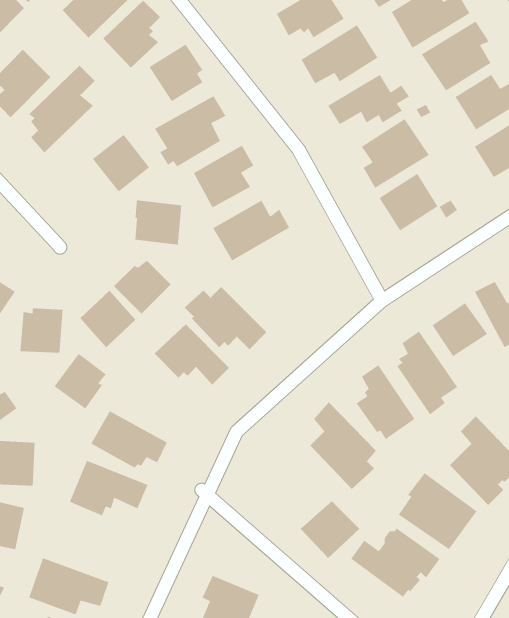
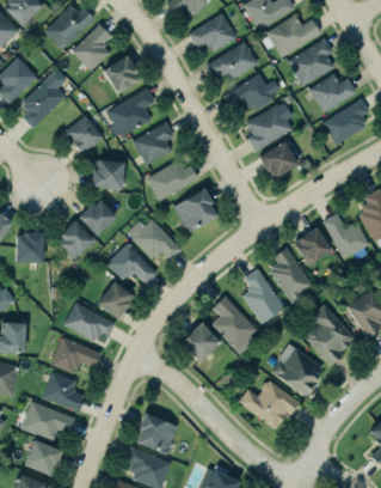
building: none -> [173,188,217,233]
building: [54,353,107,410] -> [98,281,134,319]
building: [300,500,360,559] -> [182,323,222,362]
building: none -> [42,372,85,411]

